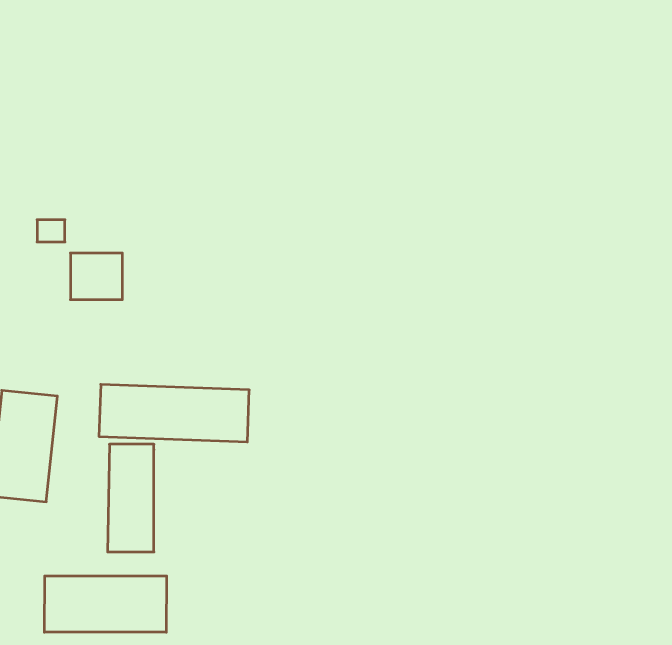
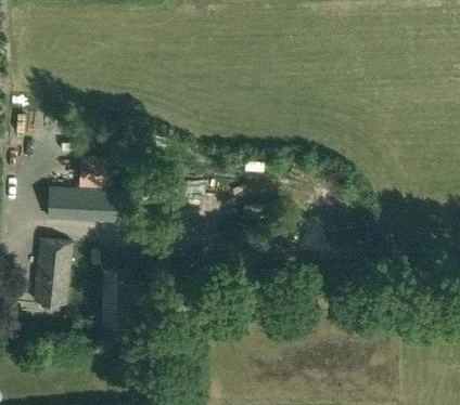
building: [99,384,249,442] -> [47,188,135,222]
building: [44,576,167,632] -> none

